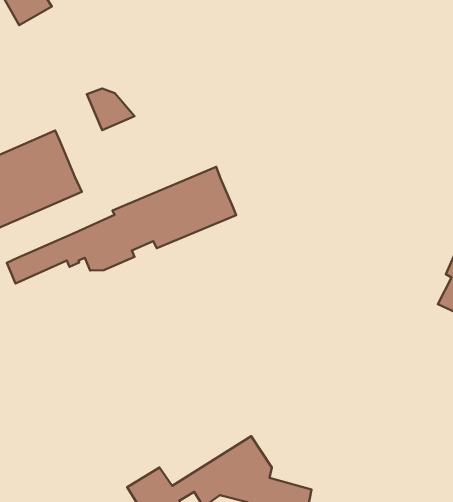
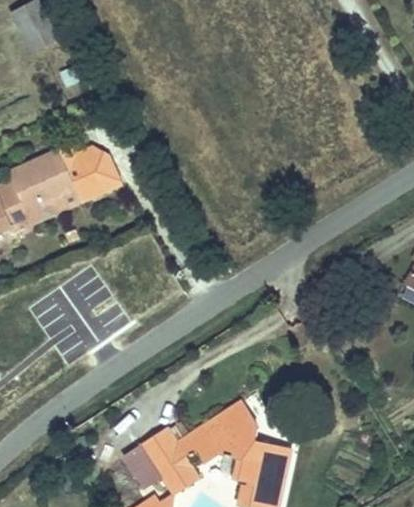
building: [87,88,134,130] -> [73,148,114,184]
building: [7,167,236,284] -> none

